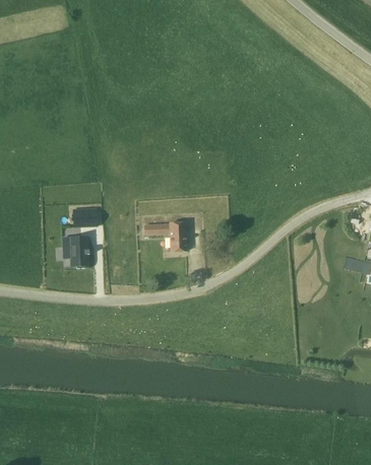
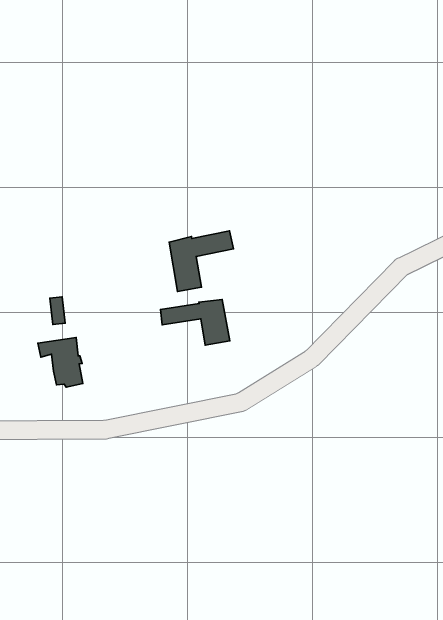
building: none -> [169,231,233,291]

